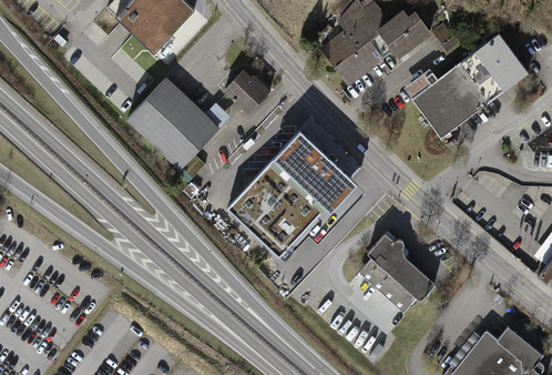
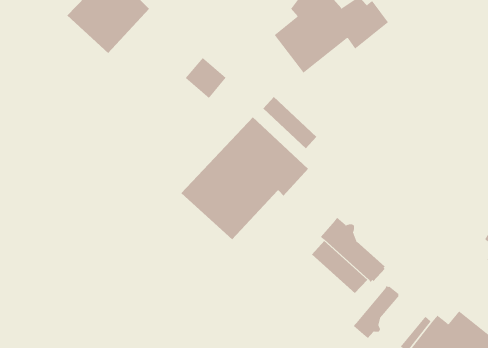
building: [408,33,527,139] -> none
building: [131,78,225,170] -> none
building: none -> [263,96,317,149]
building: none -> [353,285,400,339]

